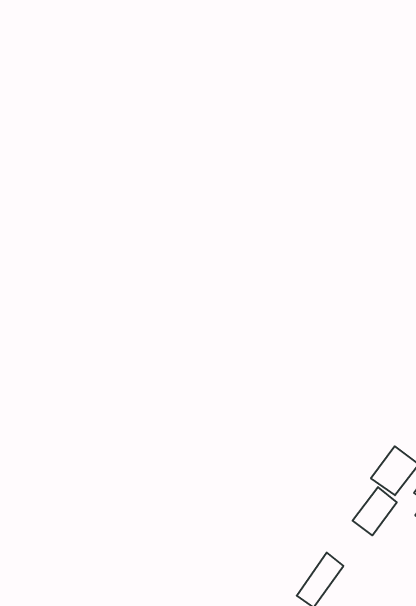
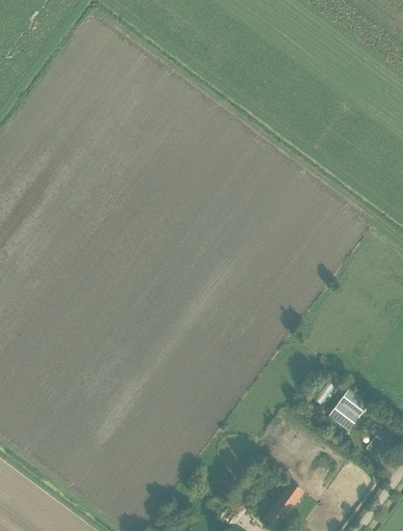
building: [353,487,397,535] -> none

